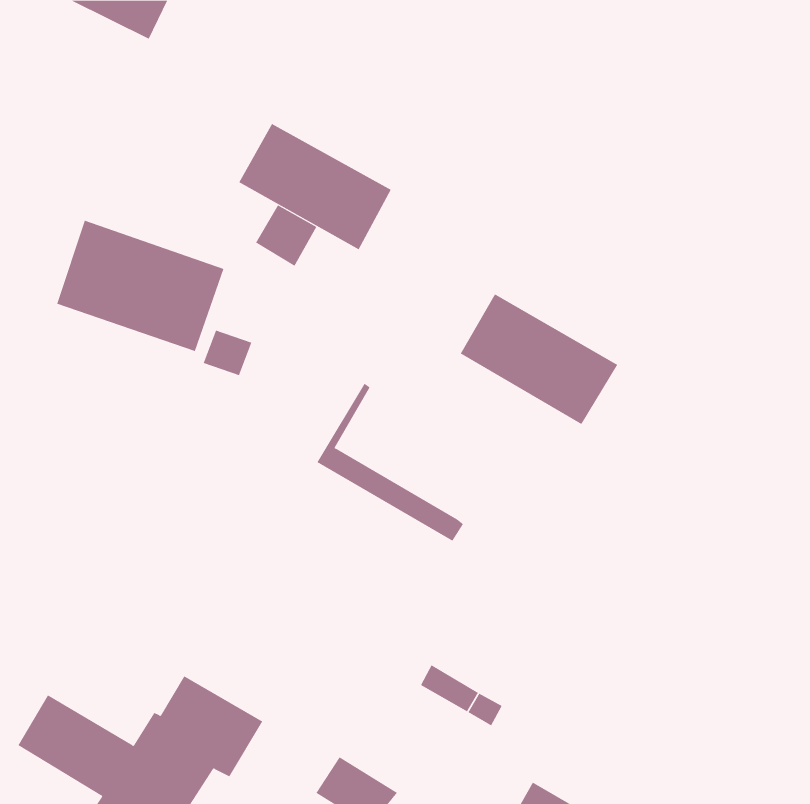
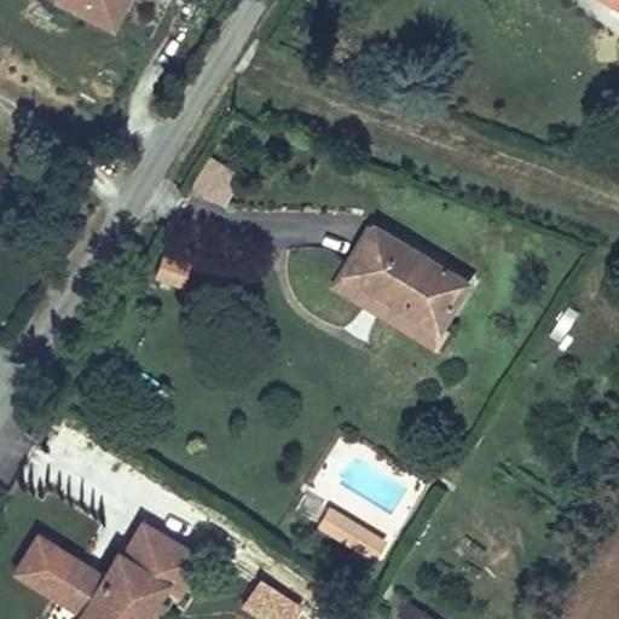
building: [238,123,391,250] -> none
building: [57,220,224,352] -> none
building: [316,383,464,541] -> [336,225,449,346]

